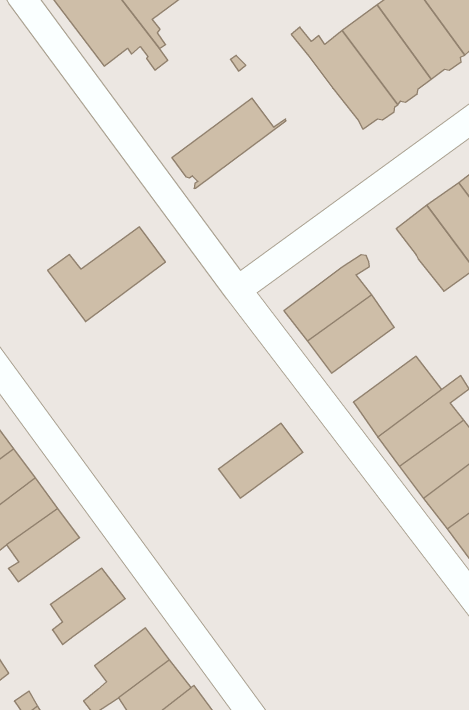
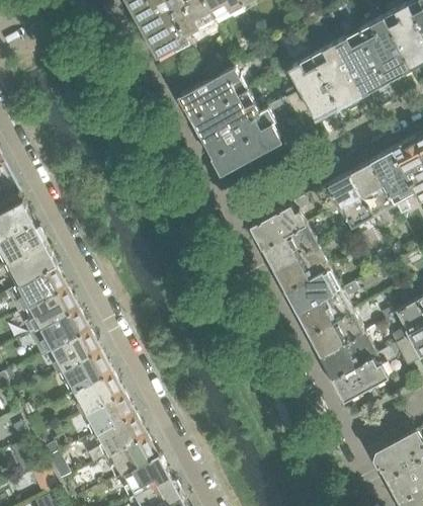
building: none -> [204,91,313,173]
building: [48,227,165,322] -> [173,66,248,120]
building: [218,423,303,498] -> [273,247,328,290]
building: none -> [58,351,111,396]
building: none -> [86,394,134,436]

